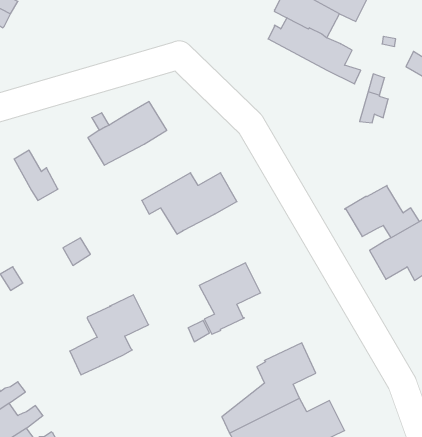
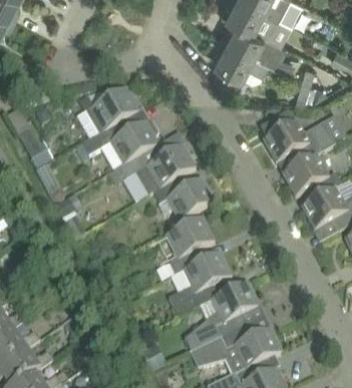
building: none -> [214,35,269,86]
building: none -> [83,118,159,167]
building: none -> [264,119,337,161]
building: none -> [153,175,216,220]
building: [70,295,149,375] -> [169,250,233,314]

